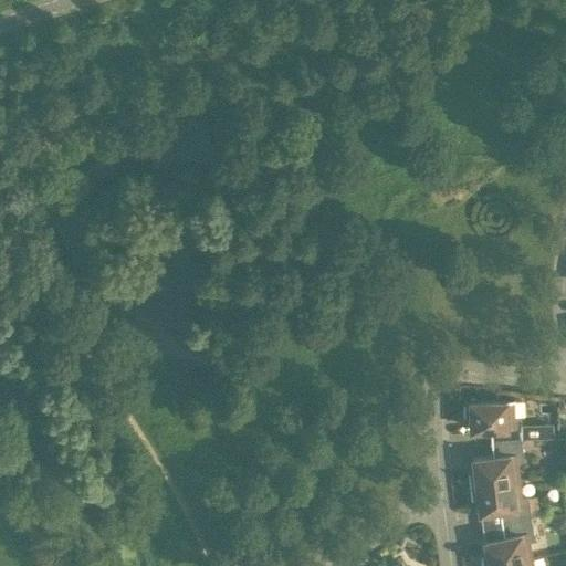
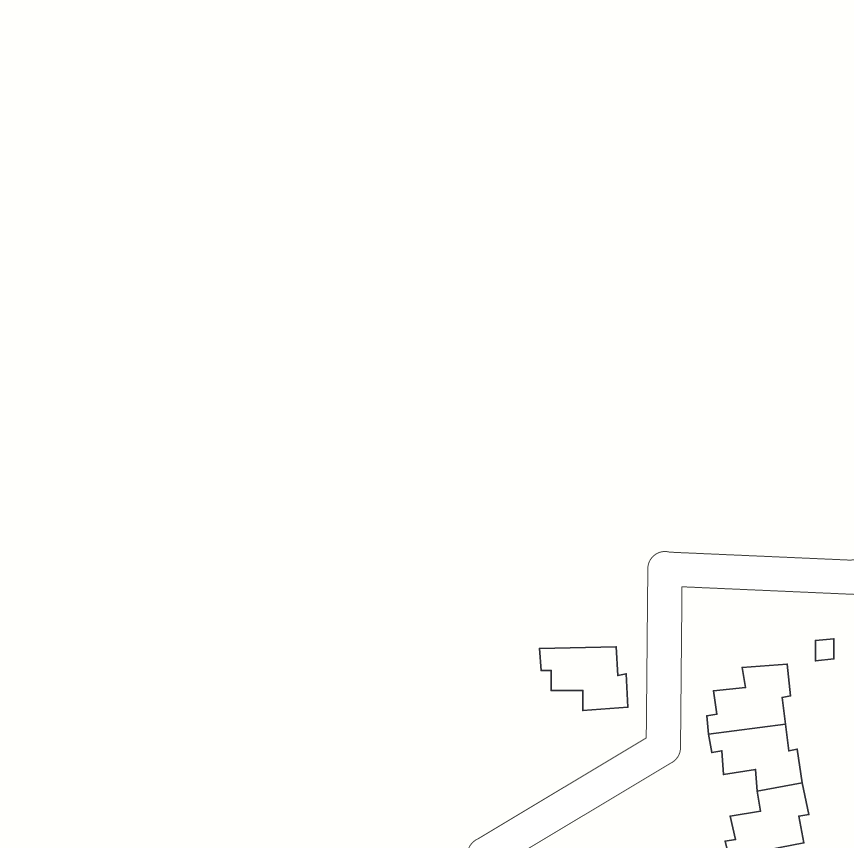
building: [462,403,521,446] -> [539,647,628,710]

